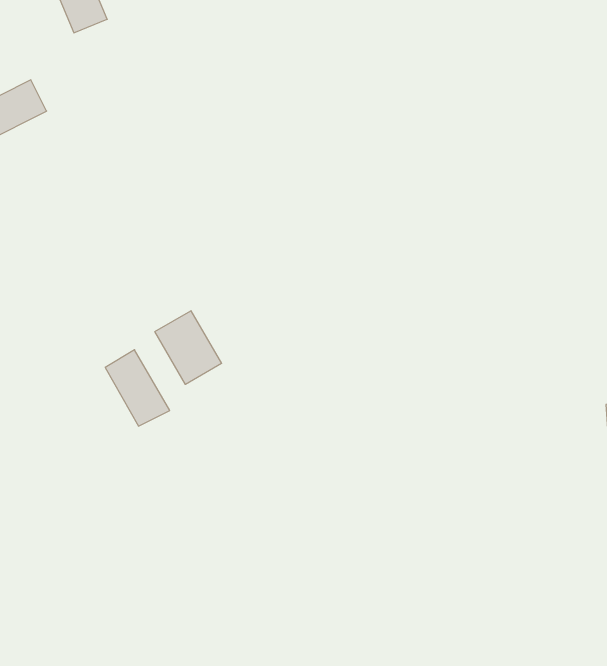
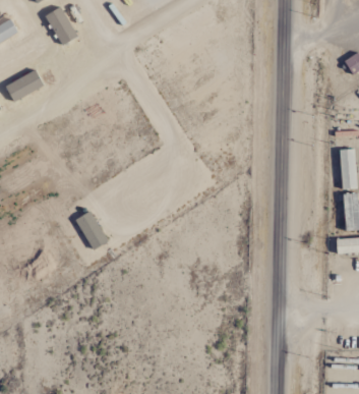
building: [155,311,222,384] -> none

